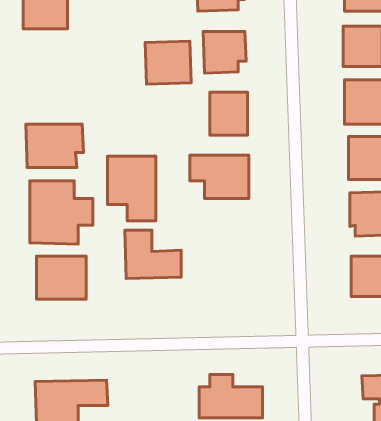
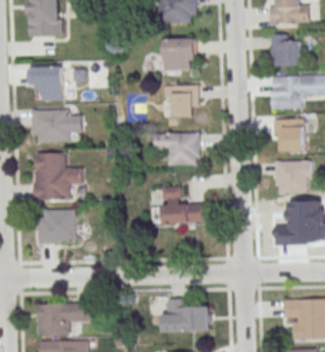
building: [145,41,191,84] -> none
building: none -> [29,65,61,100]
building: [107,156,156,221] -> none
building: [125,230,181,279] -> [161,187,204,223]

